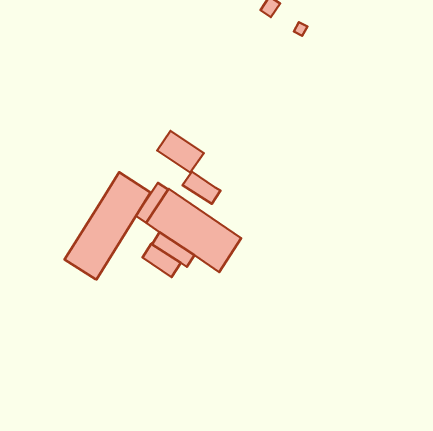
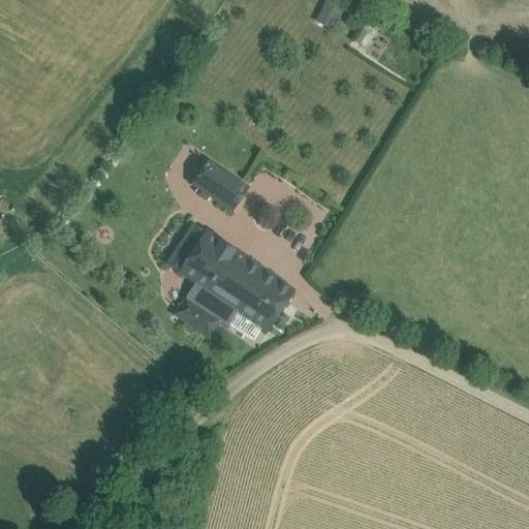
building: [183,171,220,204] -> none
building: [65,172,150,279] -> none

